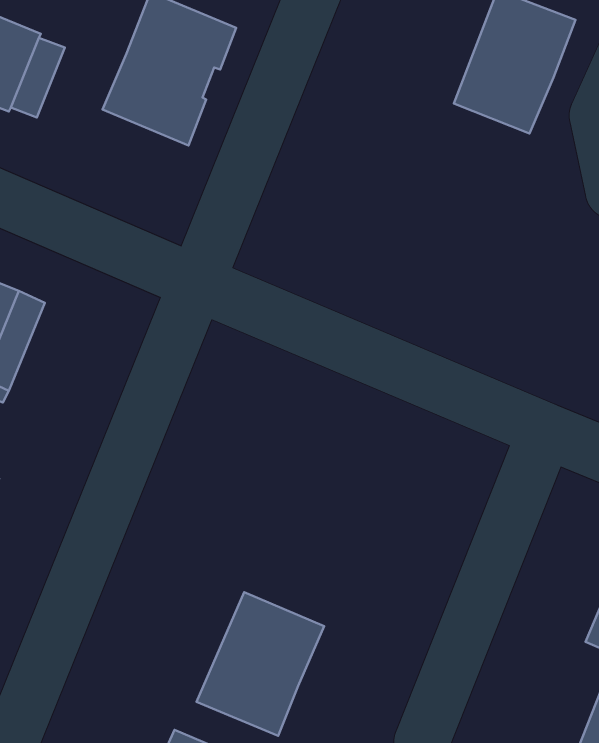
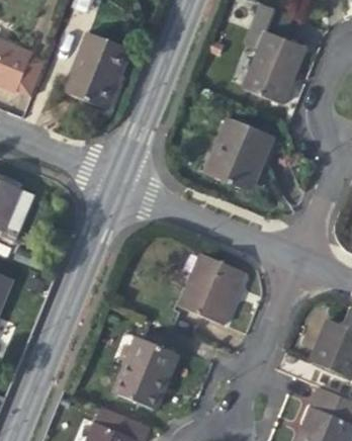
building: none -> [205,117,273,193]
building: none -> [178,254,244,325]

